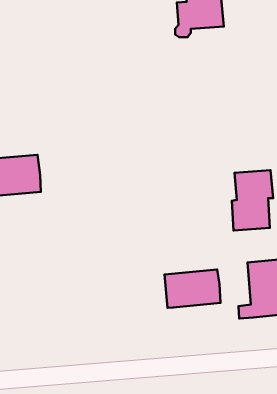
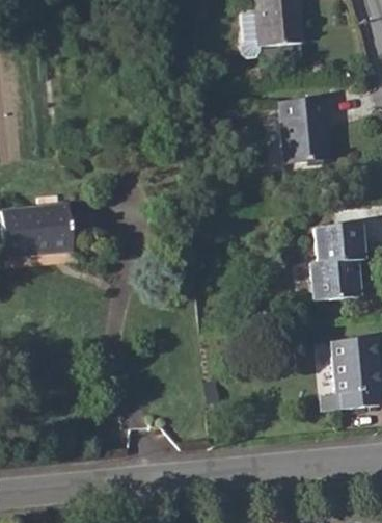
building: none -> [277,96,328,162]
building: [164,270,221,308] -> none

